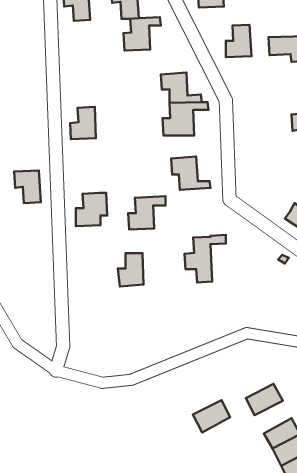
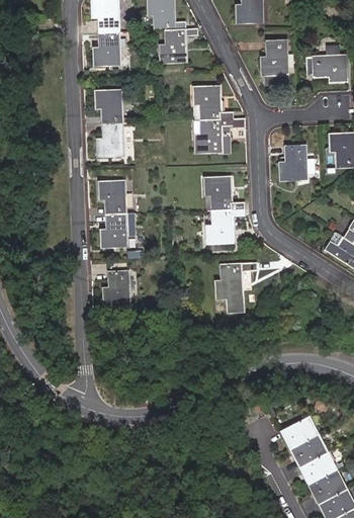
building: none -> [91,32,118,68]
building: none -> [93,90,121,125]
building: none -> [281,144,309,192]
building: [14,171,41,203] -> [98,182,126,217]
building: [128,196,165,229] -> [204,210,244,246]
building: [118,253,144,286] -> [103,272,130,308]
building: [193,400,230,433] -> [290,436,330,470]

